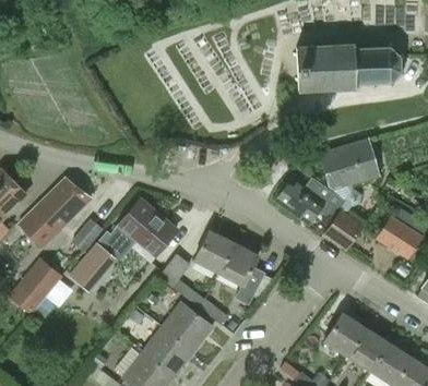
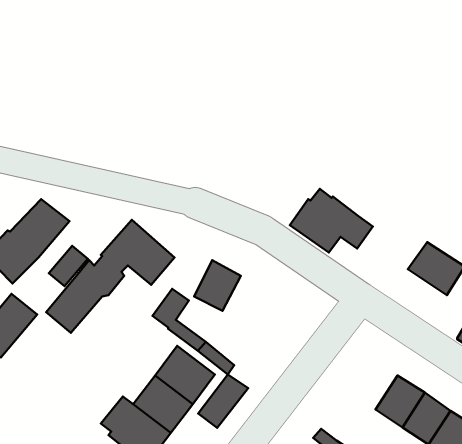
building: [295,45,403,88] -> none
building: [319,138,378,251] -> none
building: [218,243,265,297] -> none
building: [324,312,366,355] -> none
building: none -> [198,374,248,428]

